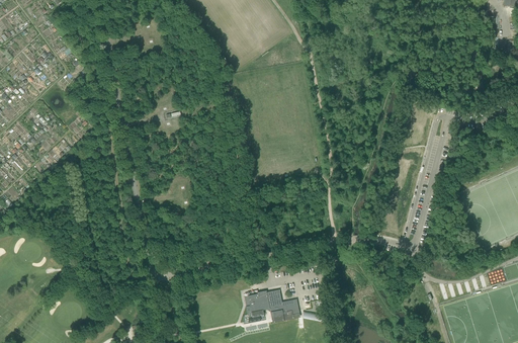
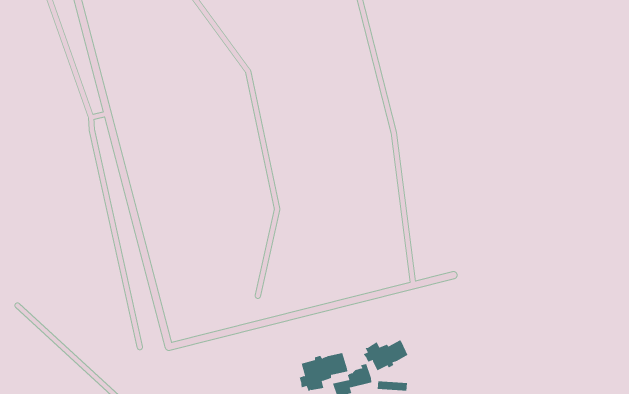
building: none -> [363,339,408,371]

